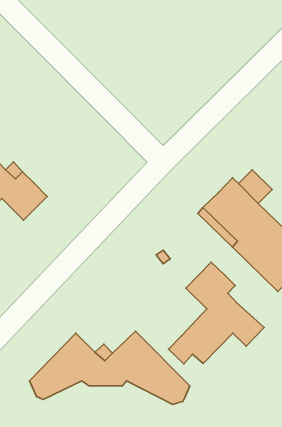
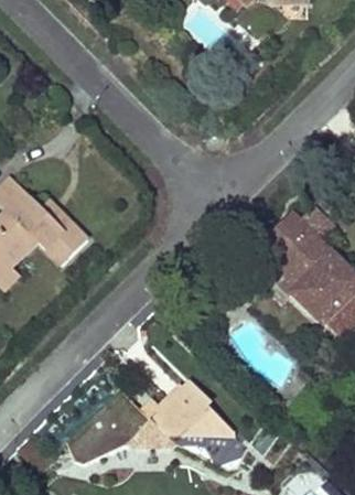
building: [169,262,264,364] -> none

